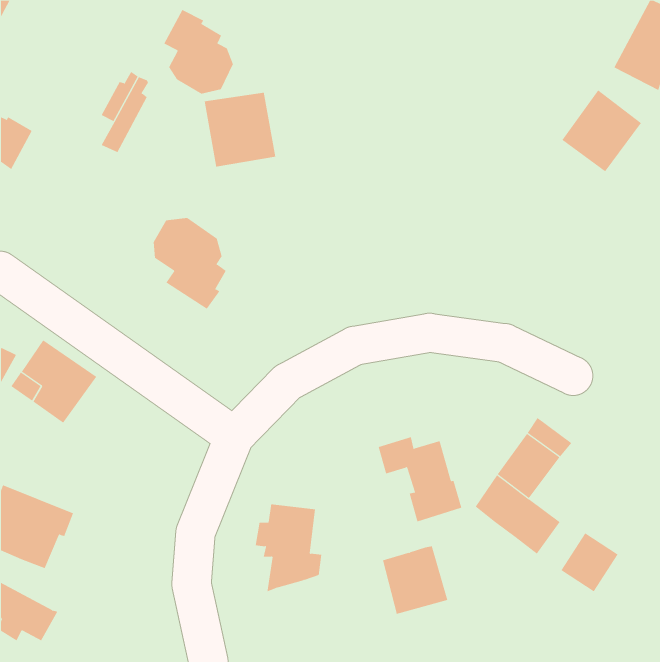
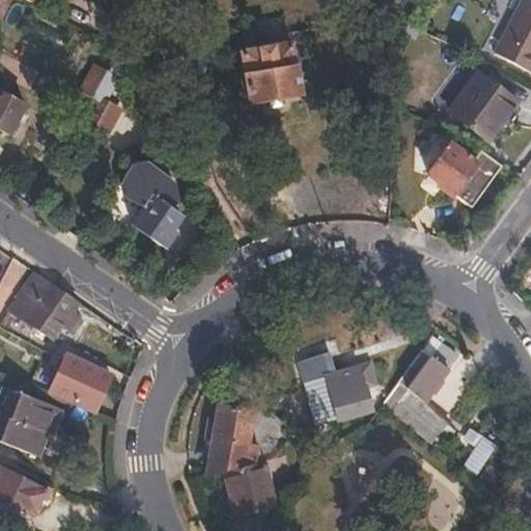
building: [164,9,234,94] -> none
building: [204,92,276,167] -> [245,44,303,104]
building: none -> [428,144,502,208]
building: none -> [51,356,112,411]
building: [382,546,448,614] -> [223,459,276,514]

